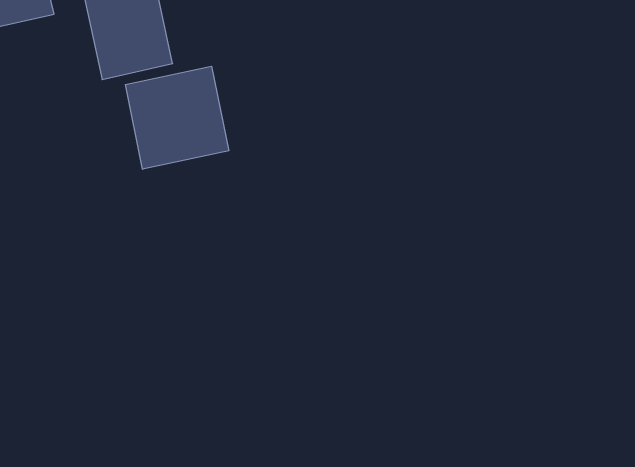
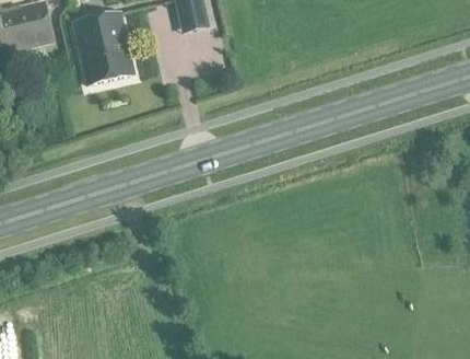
building: [125,66,229,169] -> none

